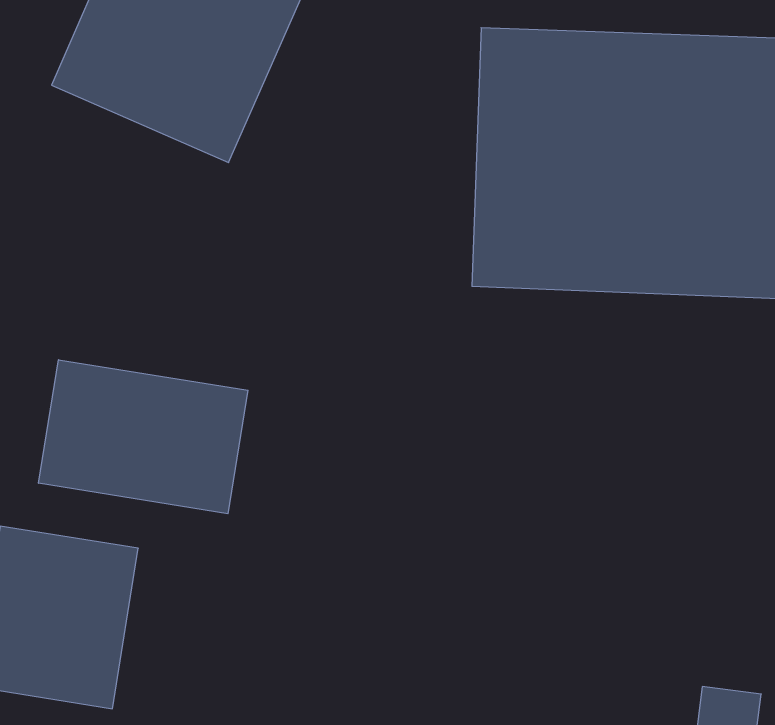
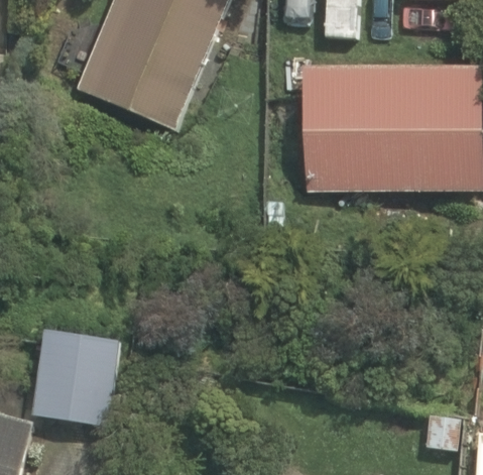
building: [39,360,248,514] -> none

